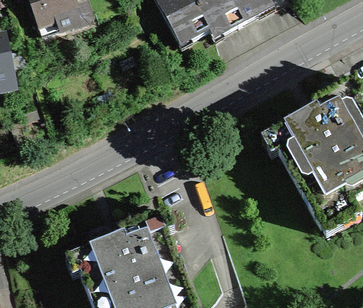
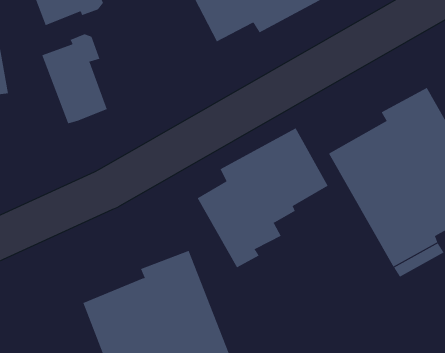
building: none -> [42,34,108,124]
building: none -> [197,128,328,268]

